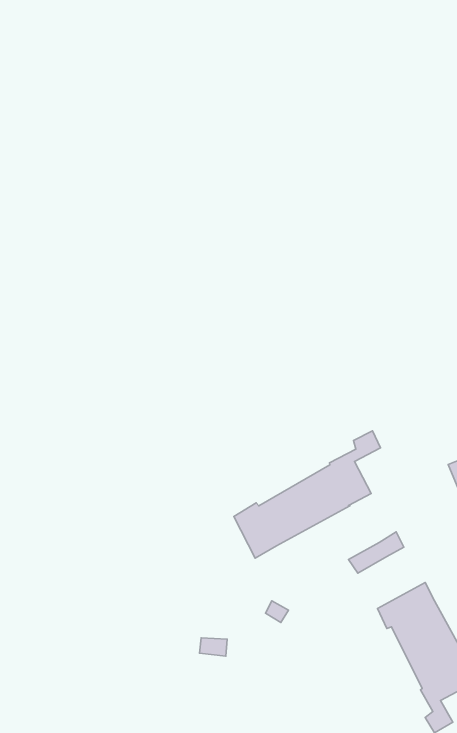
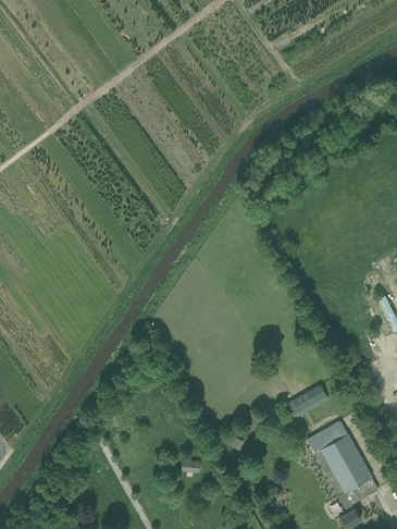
building: [234,431,380,558] -> none

